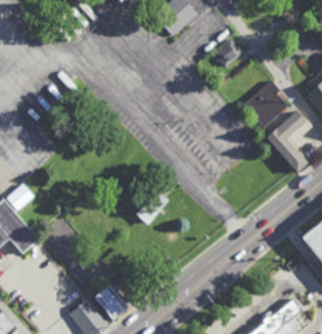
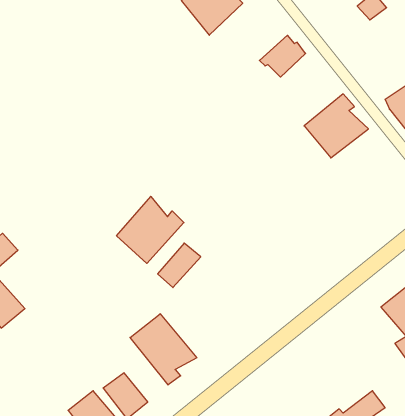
building: [265,110,309,173] -> none
building: none -> [117,196,184,263]
building: none -> [130,314,197,385]

